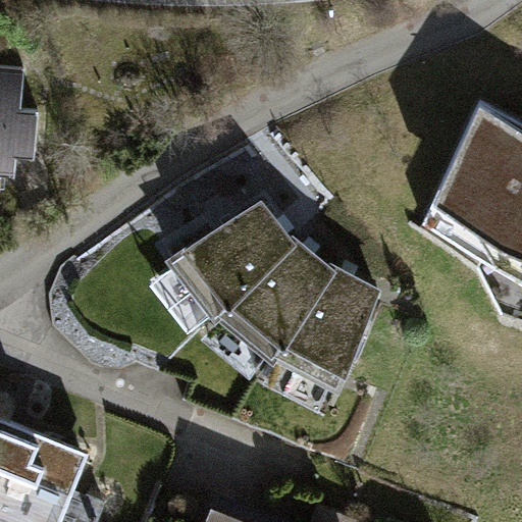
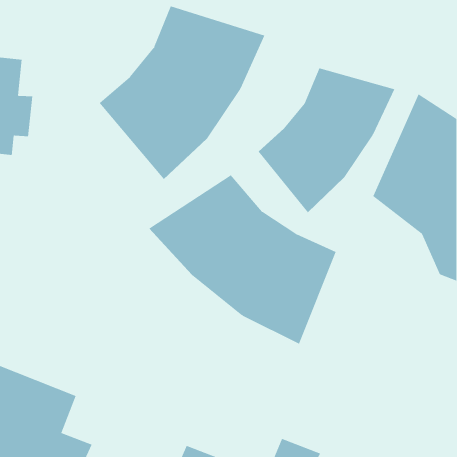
building: none -> [99,5,265,180]
building: none -> [258,68,395,213]

